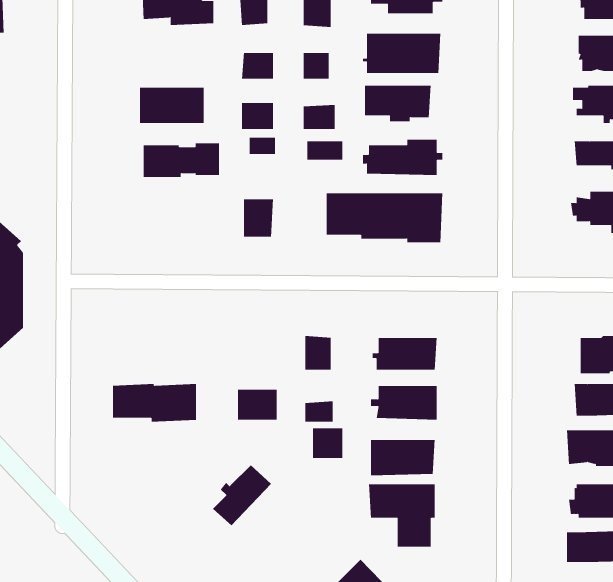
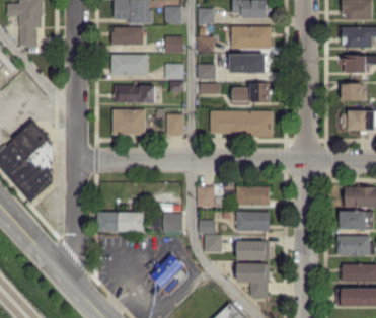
building: none -> [109,27,146,45]
building: none -> [112,109,145,135]

